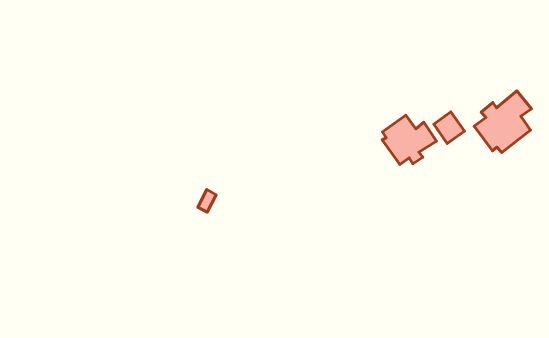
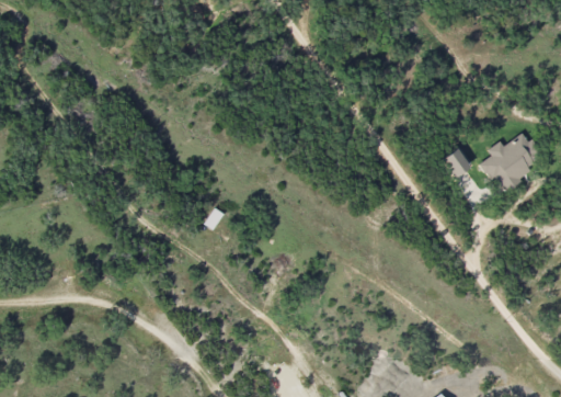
building: [382,115,437,165] -> none

